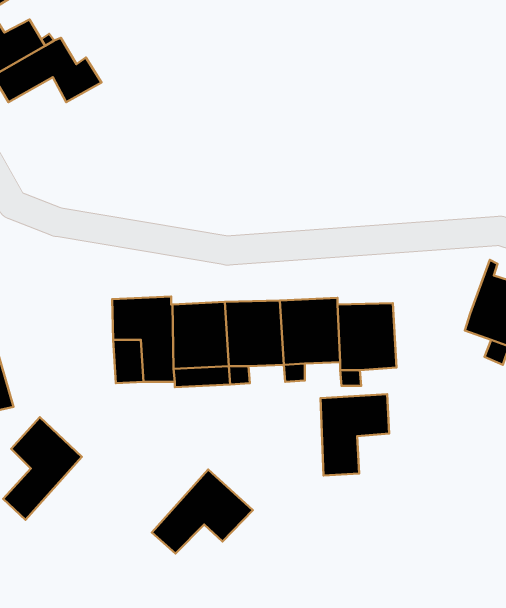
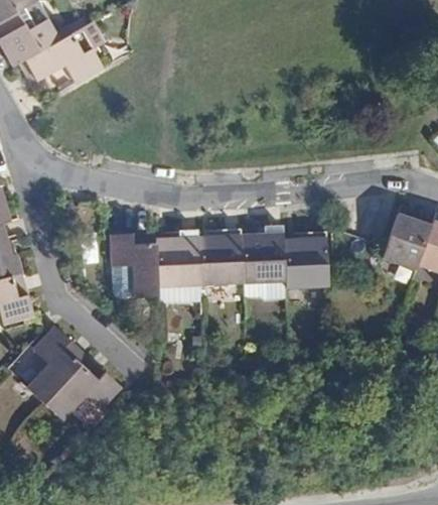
building: [321,394,389,476] -> none
building: [152,469,253,553] -> [44,355,122,419]

